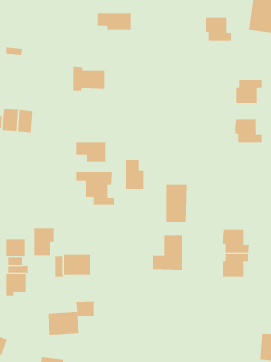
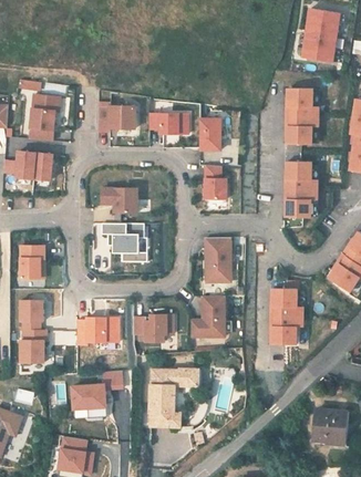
building: [97,13,131,30] -> [147,113,187,133]
building: [205,17,232,41] -> [286,89,317,116]
building: none -> [29,92,60,139]
building: none -> [198,118,219,149]
building: none -> [285,189,317,217]
building: [125,160,144,189] -> [204,164,226,198]
building: [33,228,55,256] -> [20,246,44,278]
building: none -> [133,315,172,342]
building: none -> [151,370,199,428]

